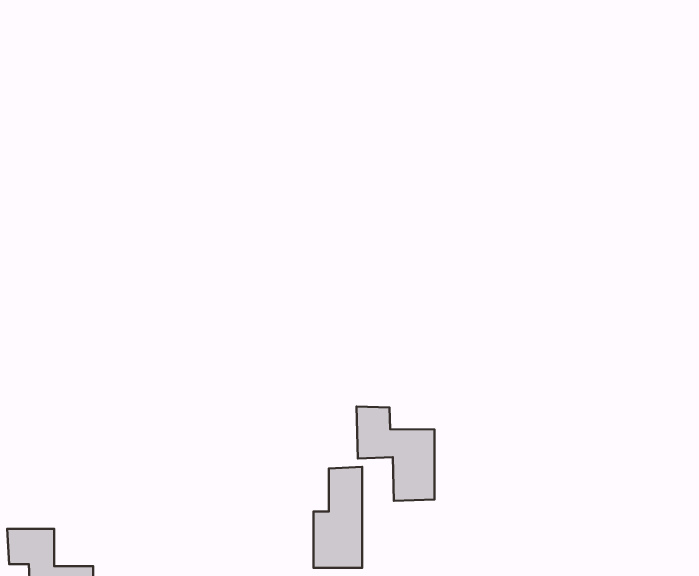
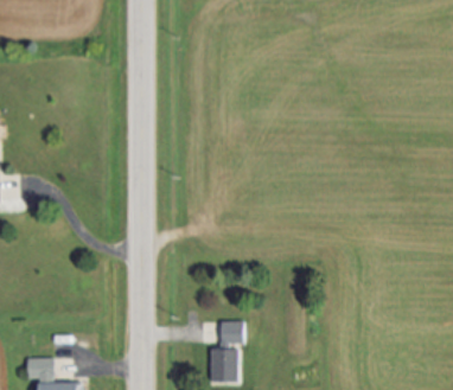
building: [357,406,434,501] -> none

